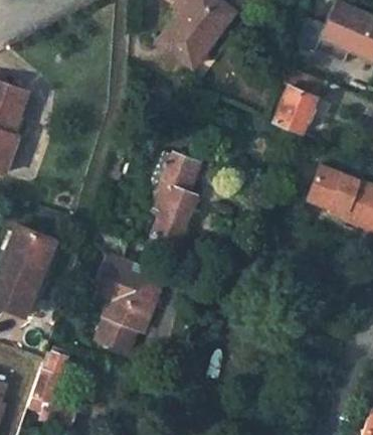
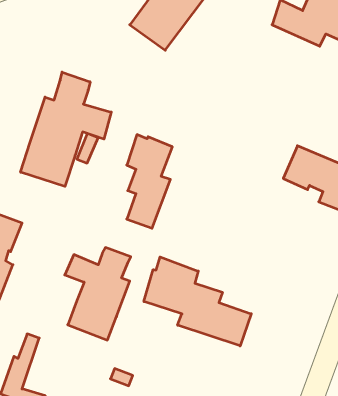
building: [273,70,321,133] -> none
building: none -> [21,72,111,186]
building: none -> [144,257,251,346]

